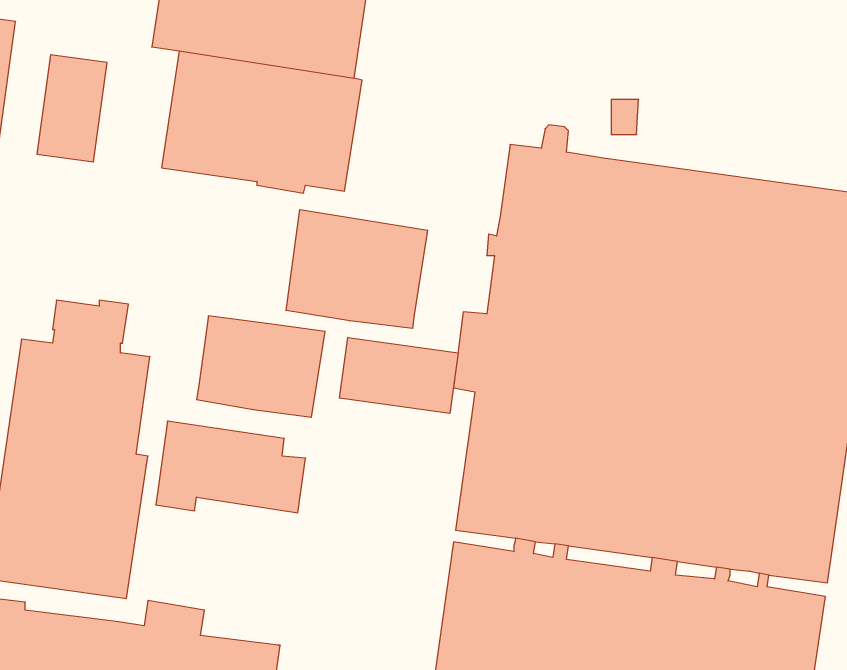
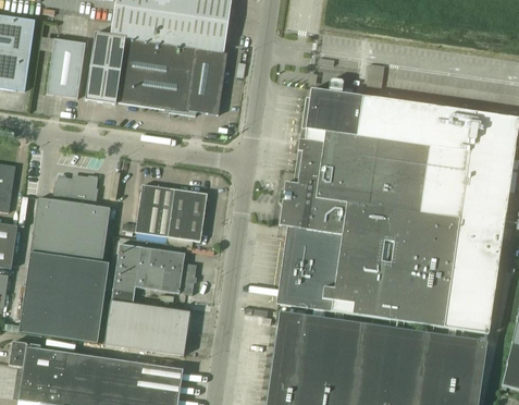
building: none -> [85,32,125,103]
building: [286,210,428,328] -> none
building: [339,337,458,413] -> none
building: none -> [103,290,189,354]

